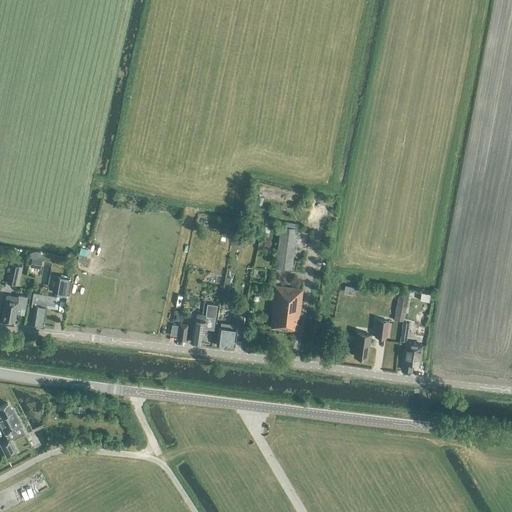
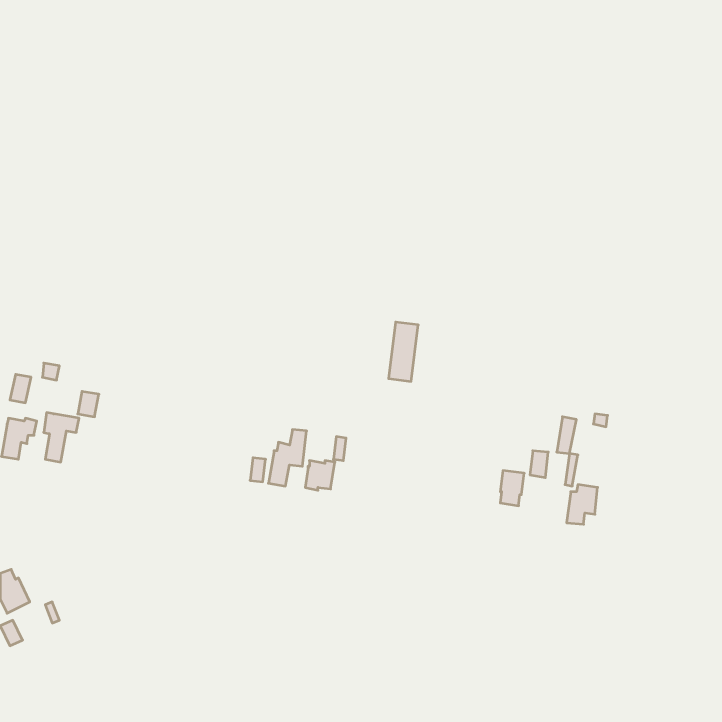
building: [271,286,302,330] -> none

